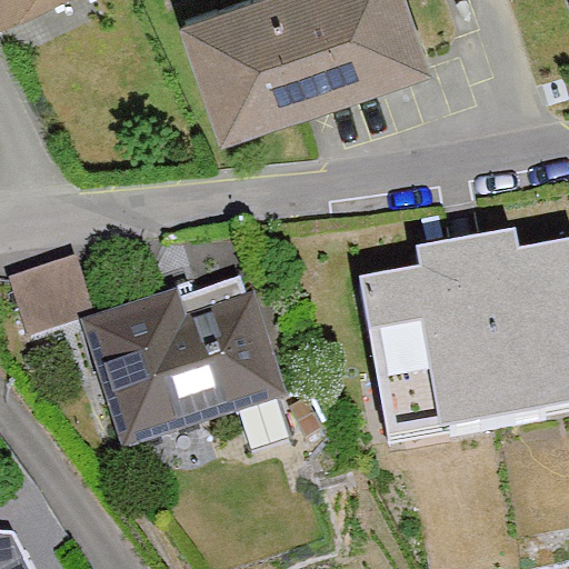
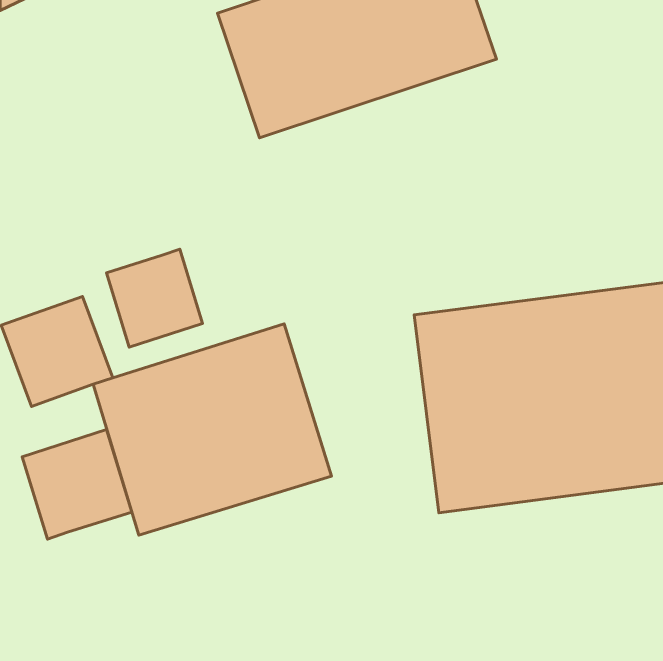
building: none -> [106,249,203,347]
building: none -> [22,430,132,539]

